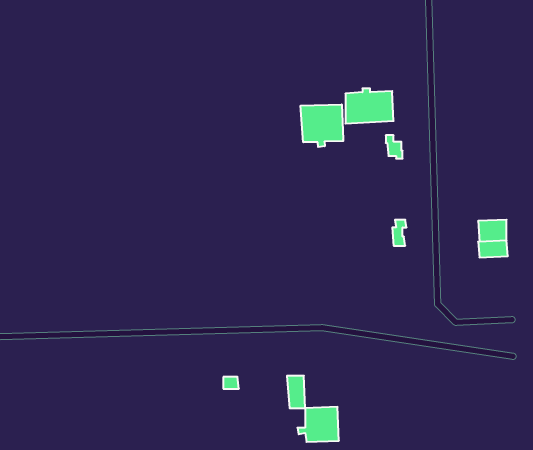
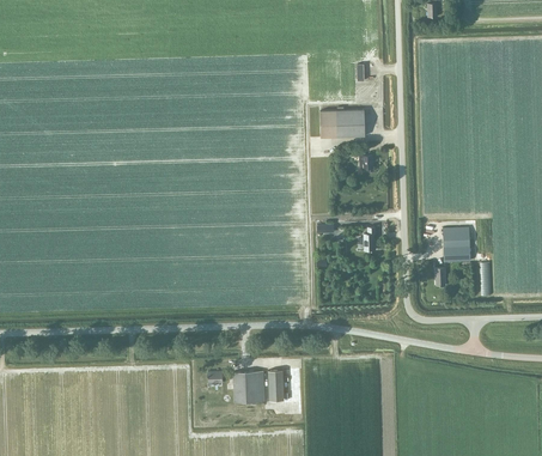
building: [301,104,343,147] -> none
building: [297,407,339,442] -> [227,370,266,402]

